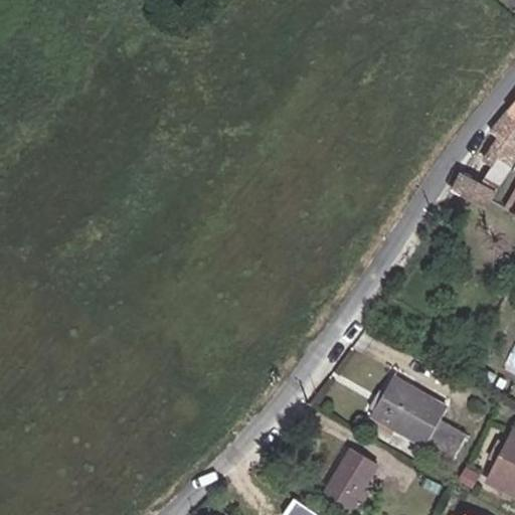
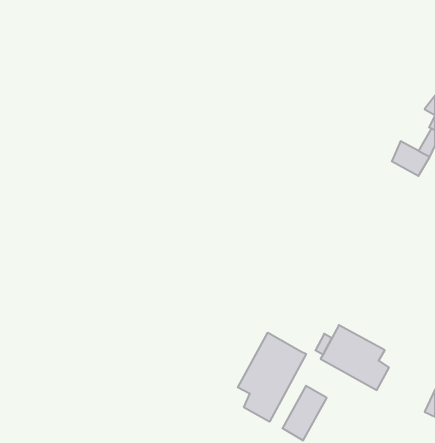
building: none -> [238,333,306,422]

